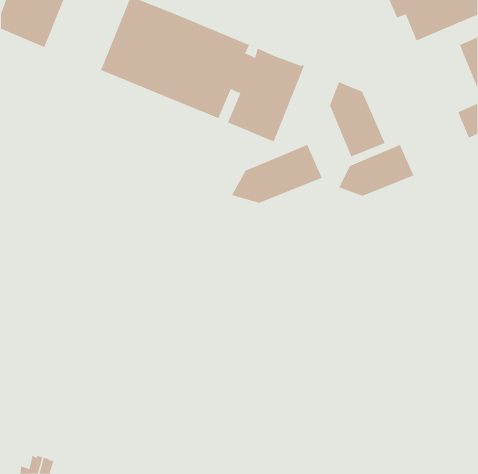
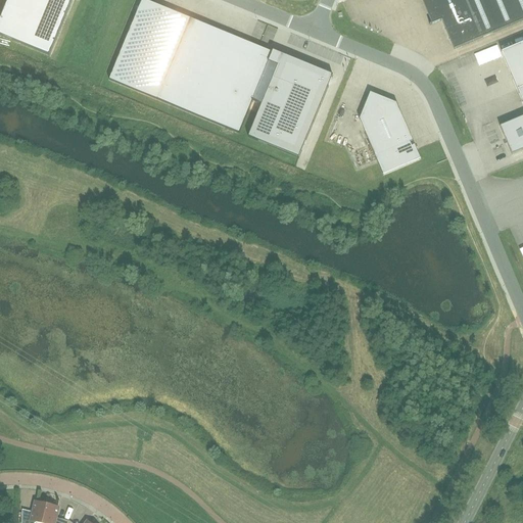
building: [231,144,322,204] -> none
building: [339,144,414,196] -> none

